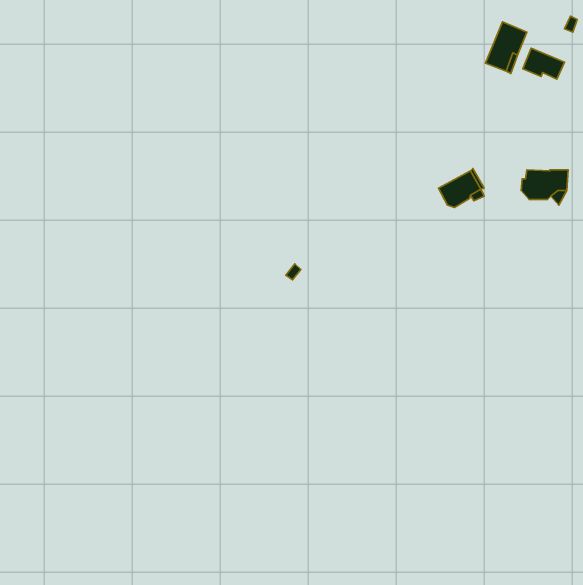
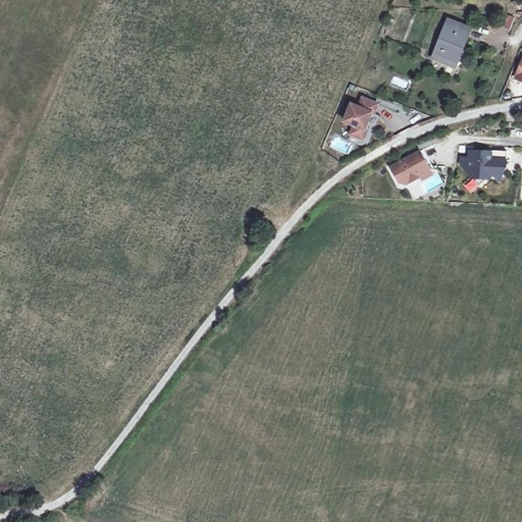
building: [523,48,565,79] -> none
building: none -> [345,97,377,139]

